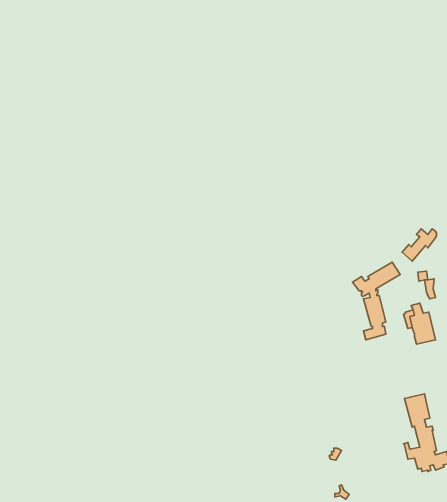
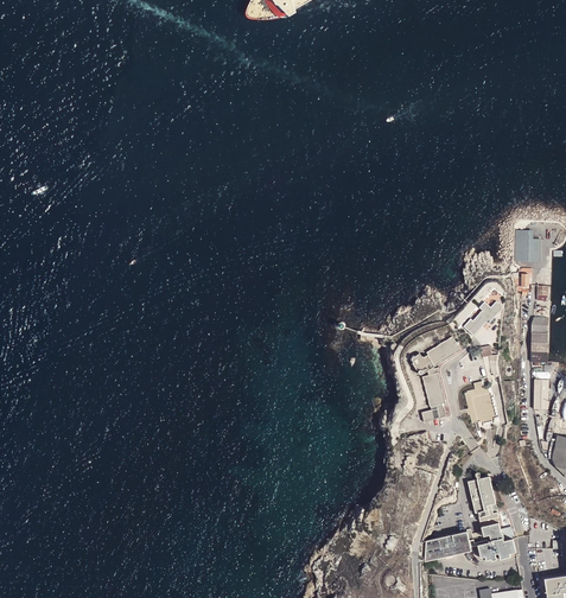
building: none -> [425,533,470,562]

